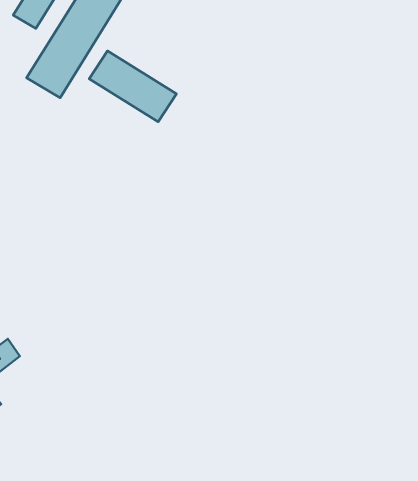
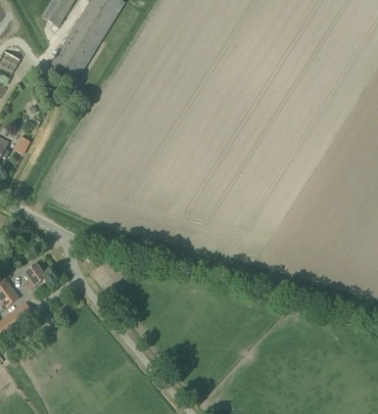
building: [89,51,176,122] -> none

